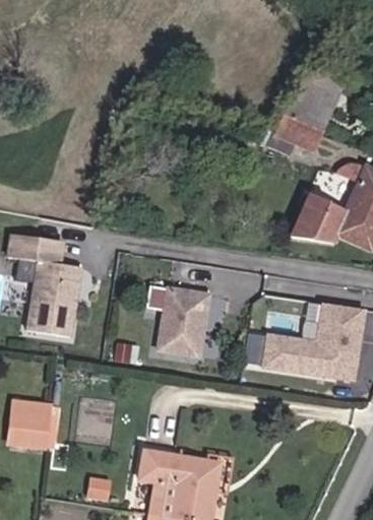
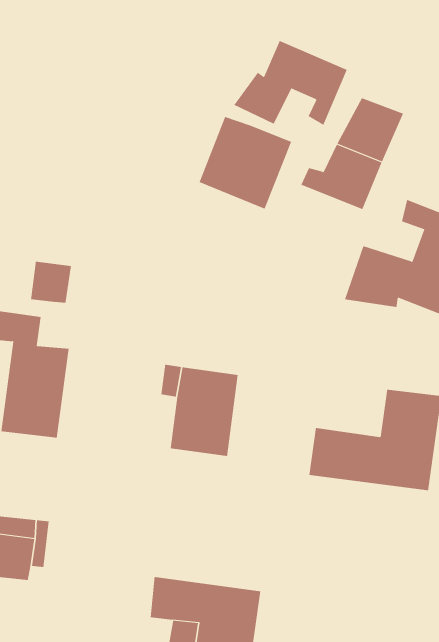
building: none -> [234,40,347,126]
building: none -> [199,116,292,209]
building: none -> [31,261,72,303]

